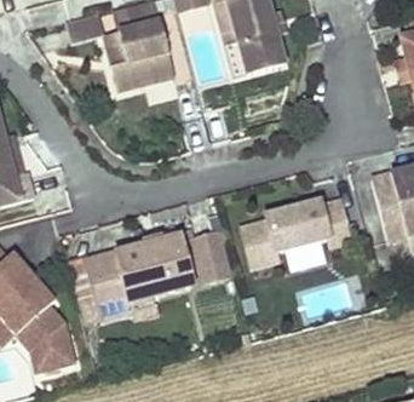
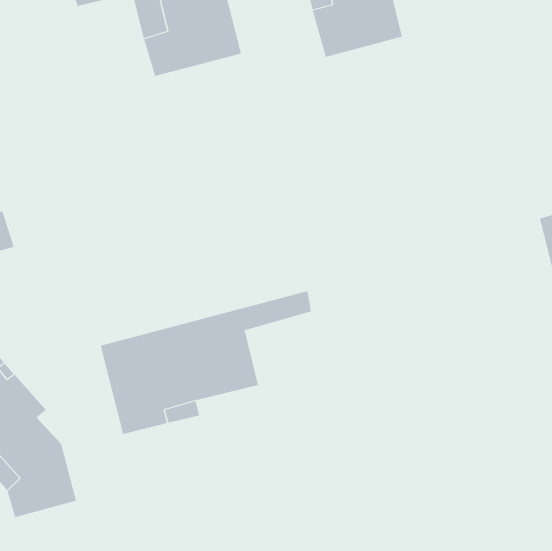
building: [242,201,351,269] -> none
building: [183,239,235,286] -> none

